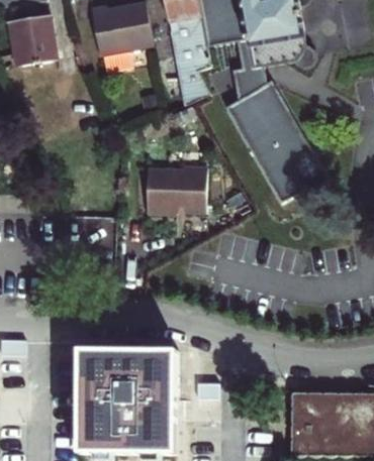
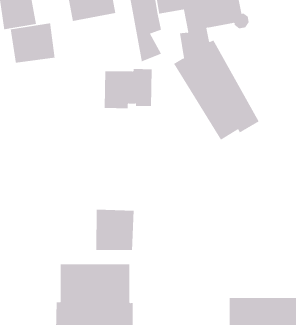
building: none -> [10,22,55,63]
building: [147,164,206,214] -> [104,68,153,109]
building: none -> [96,209,134,251]

